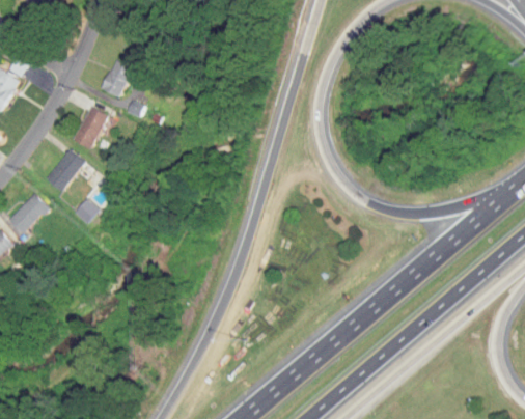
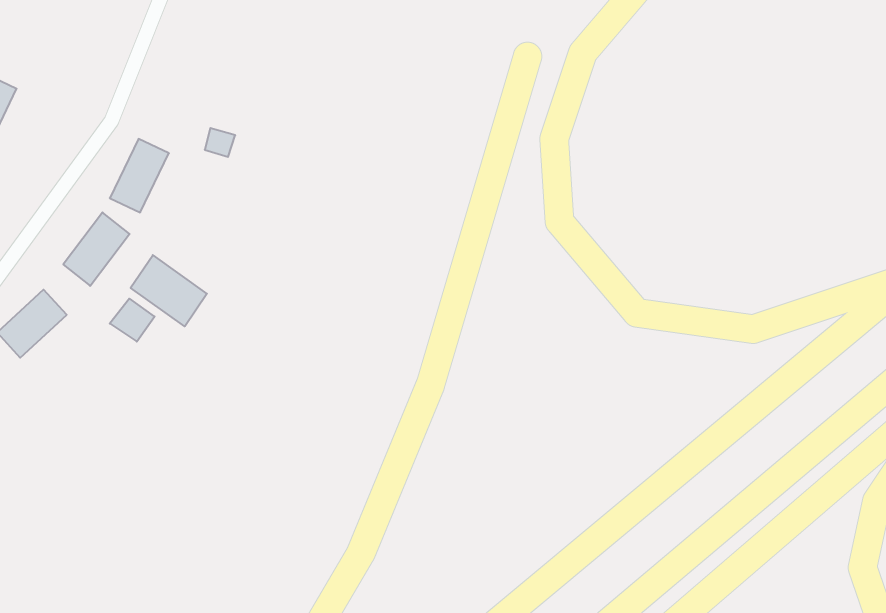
building: [101,57,136,97] -> none
building: none -> [131,255,207,326]

